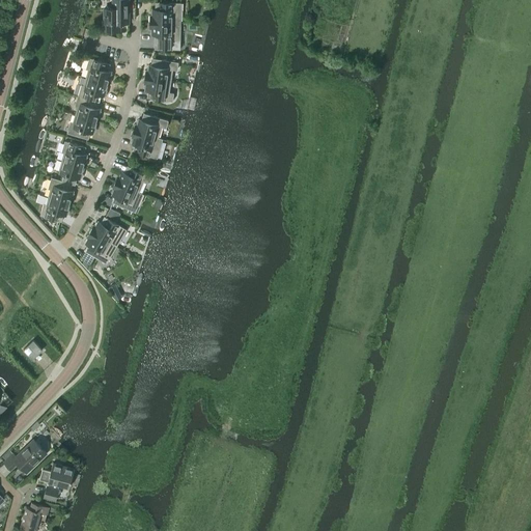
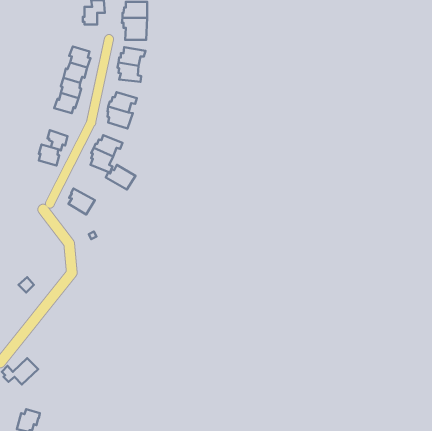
building: [61,142,86,168] -> none
building: [40,198,69,222] -> none
building: [90,217,127,247] -> [106,165,135,189]
building: [39,464,75,501] -> none

